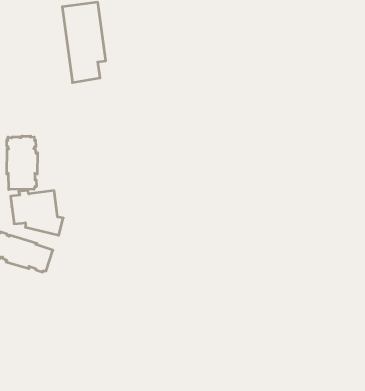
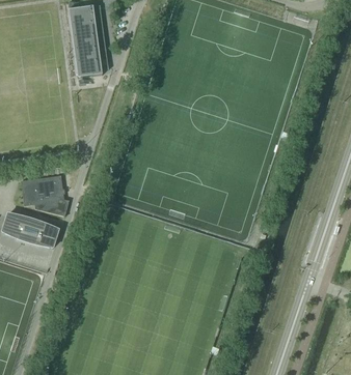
building: [7,136,38,190] -> none

